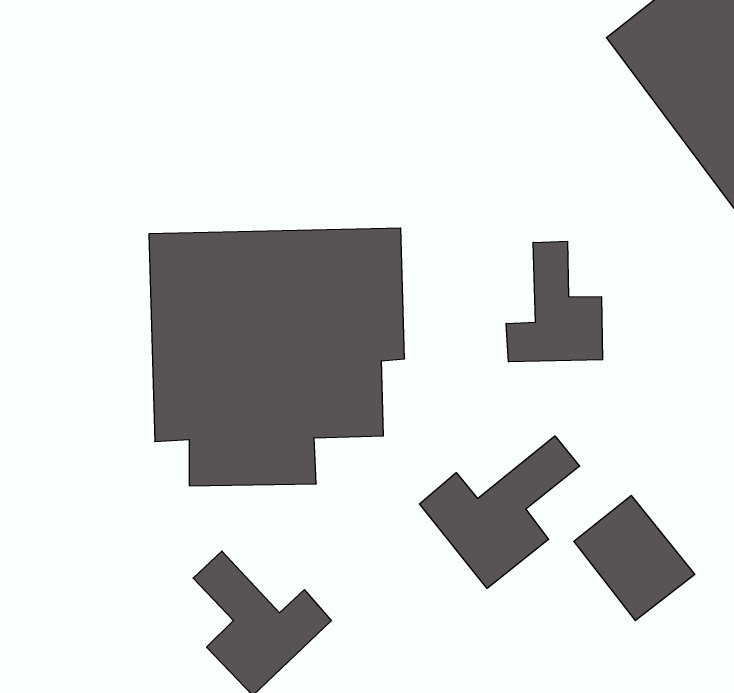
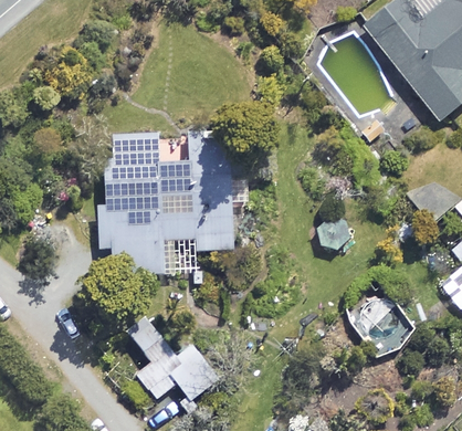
building: [506,241,603,362] -> none
building: [419,436,580,588] -> none

